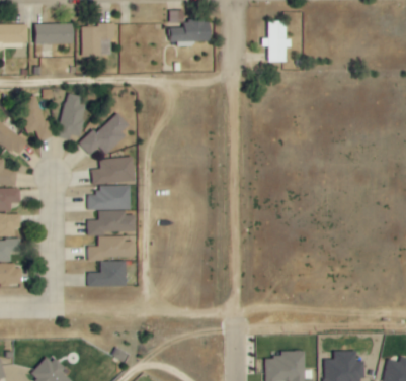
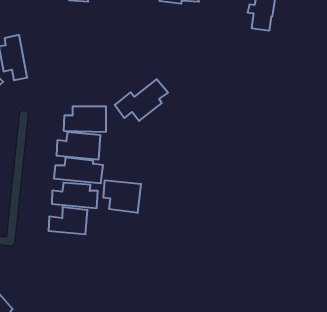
building: [56,93,86,140] -> none
building: [78,112,130,156] -> [115,79,168,121]
building: none -> [104,180,141,213]

